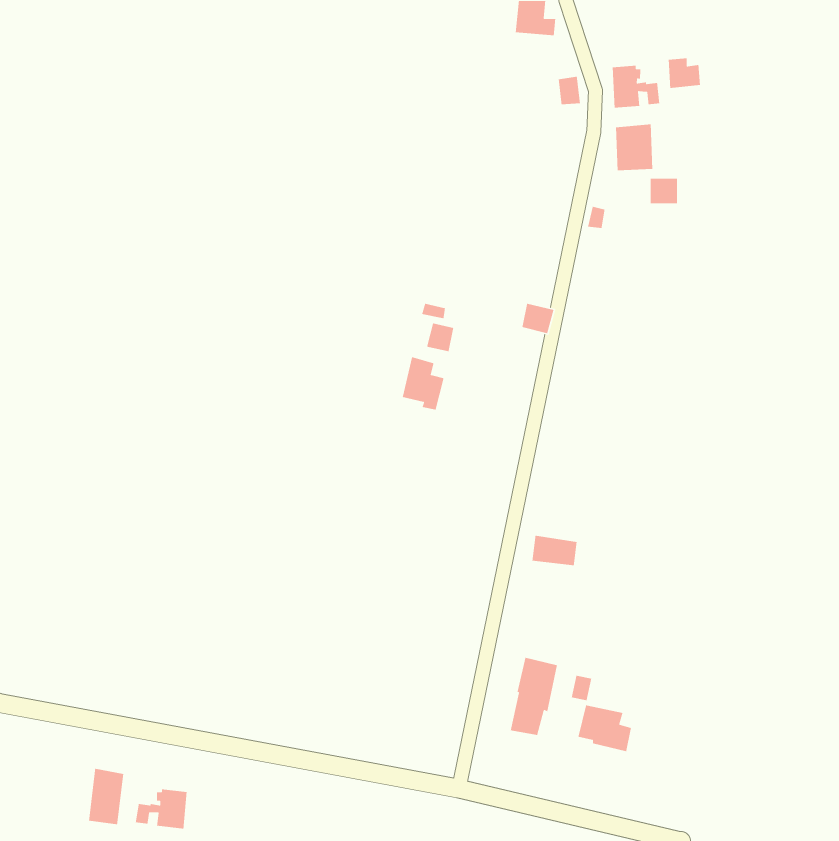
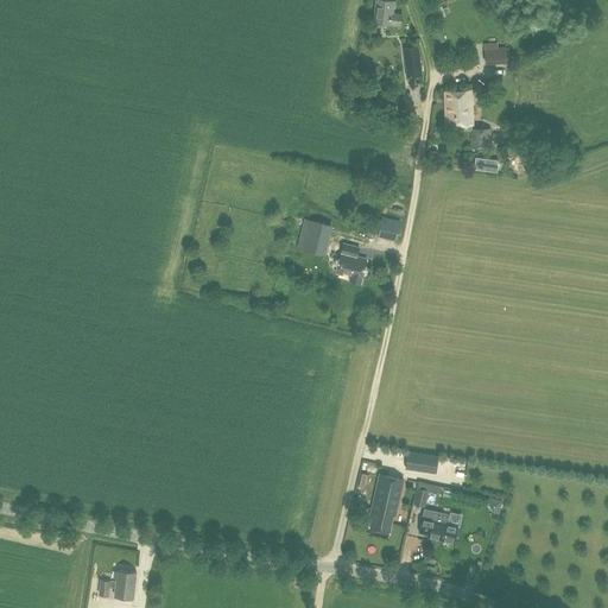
building: [612,65,660,108] -> none
building: [402,356,445,411] -> [335,243,366,283]
building: [532,535,578,566] -> [404,450,437,473]
building: [88,768,124,825] -> none

